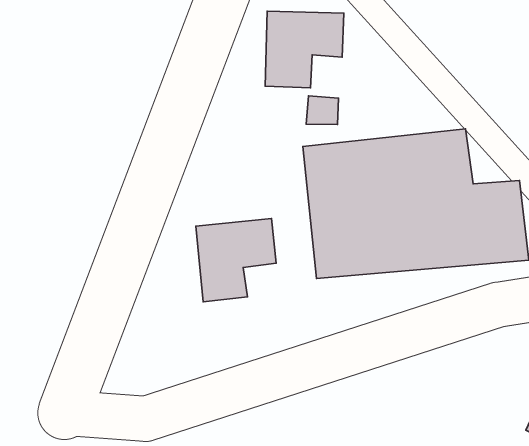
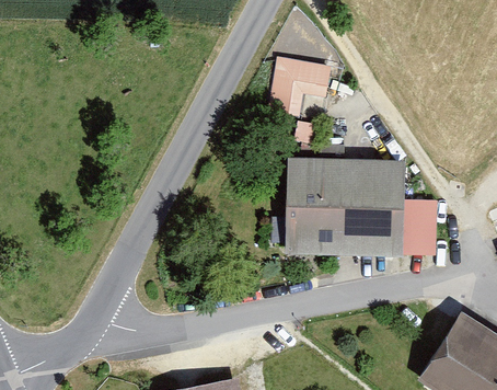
building: [196,218,276,302] -> none

